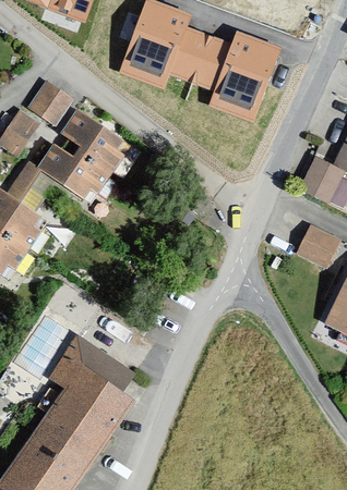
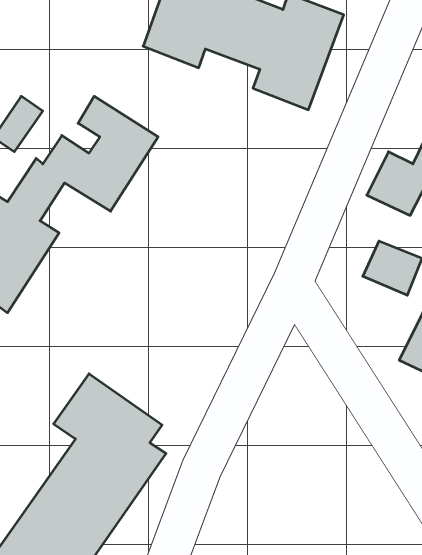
building: [23,77,72,125] -> none

